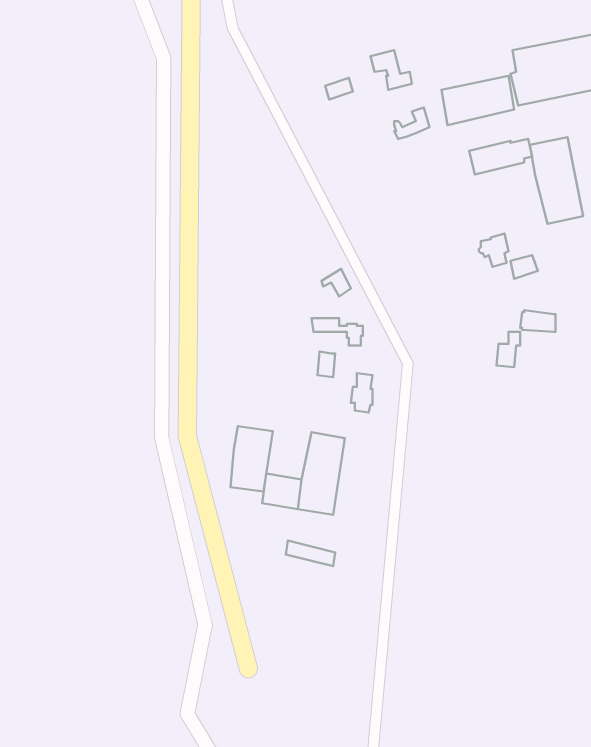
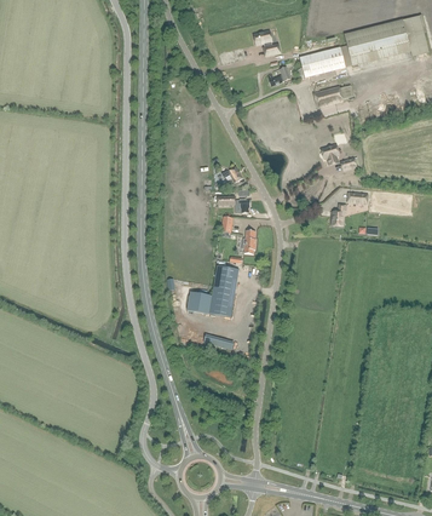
building: [530,137,583,224] -> none
building: [231,426,273,492] -> none

